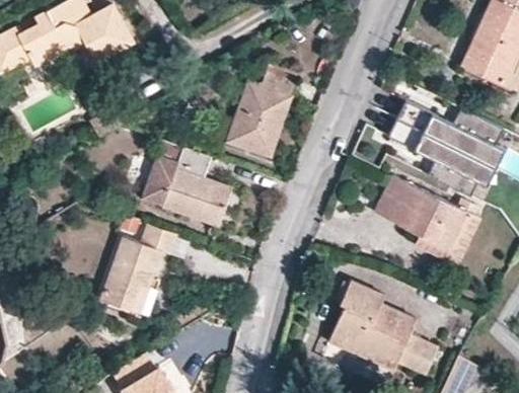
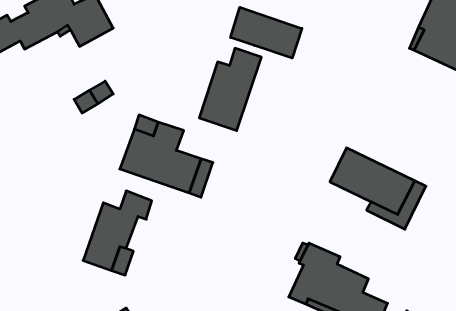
building: none -> [231,7,302,58]
building: [388,100,505,196] -> none

